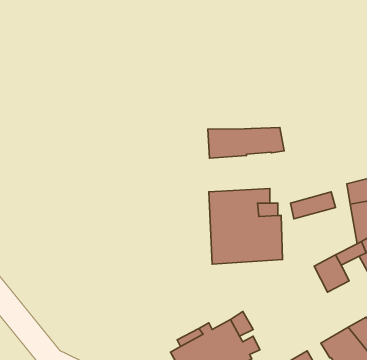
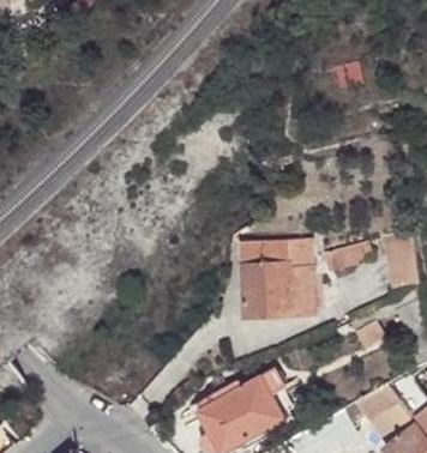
building: [208,128,284,158] -> none

